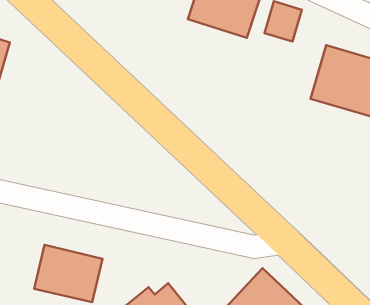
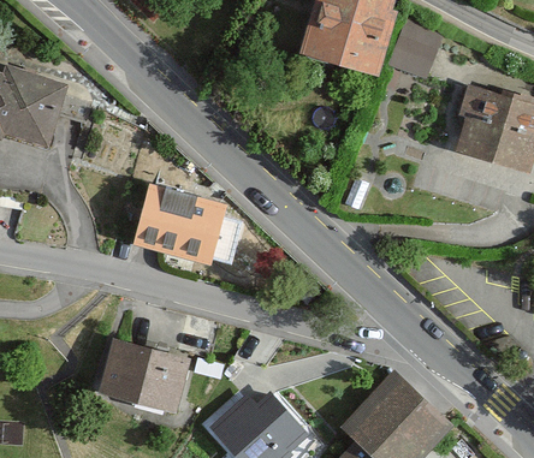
building: none -> [136,180,229,262]

